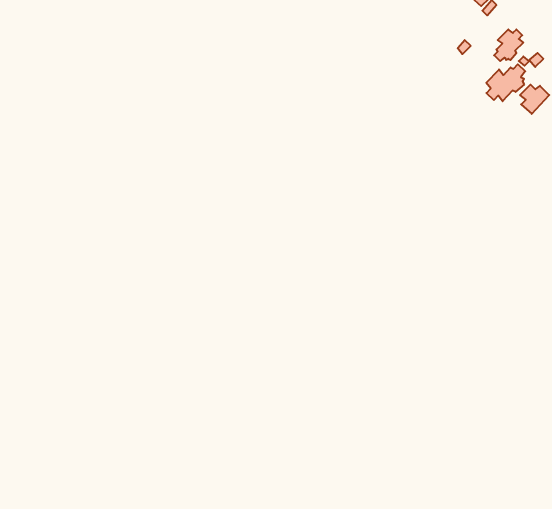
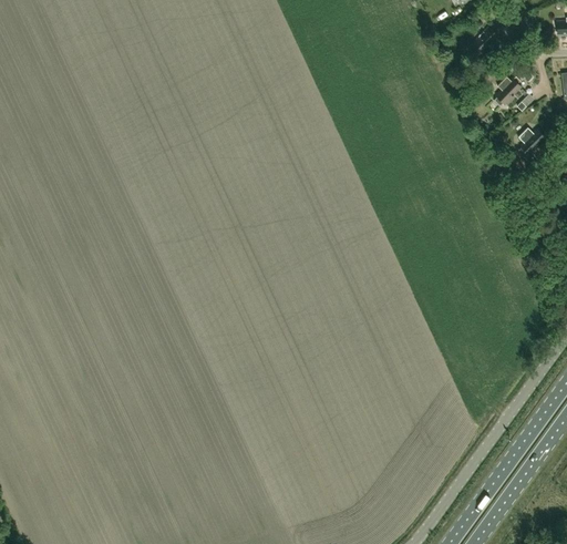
building: [486,64,525,101] -> none

